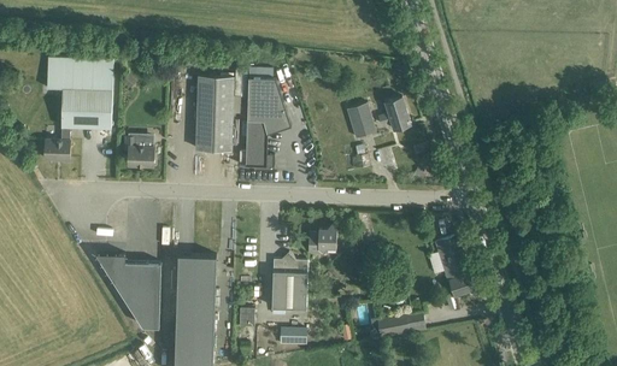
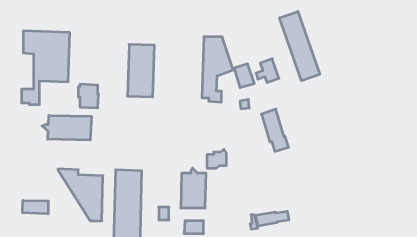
building: none -> [280,11,320,81]
building: [246,79,290,172] -> [202,37,233,102]
building: none -> [42,115,91,140]
building: [435,236,474,296] -> [261,109,289,151]
building: none -> [23,200,48,214]

